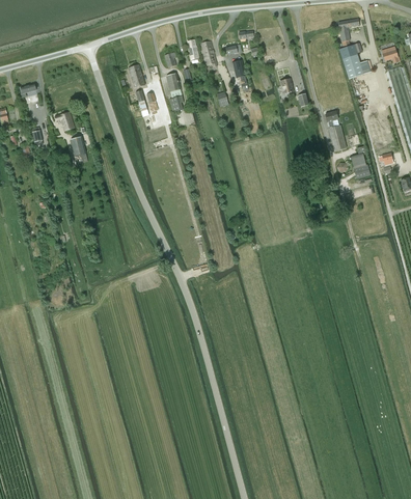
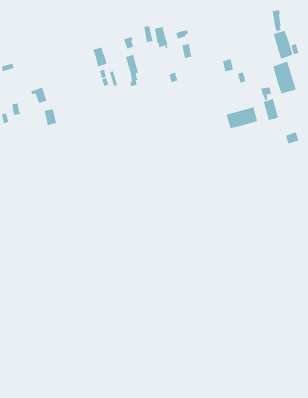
building: none -> [273,61,296,94]
building: none -> [226,106,257,129]

